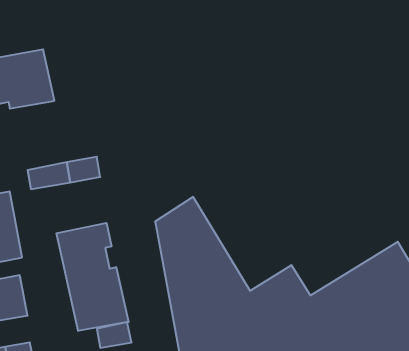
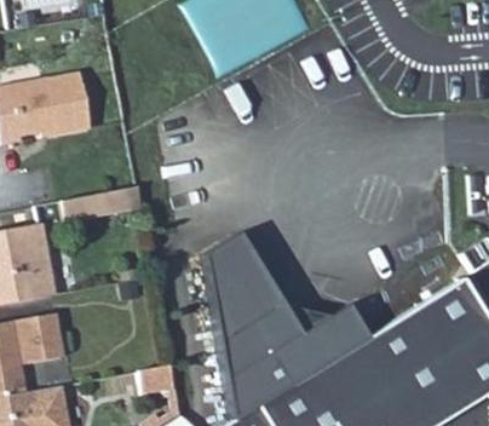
building: [56,223,129,331] -> none

